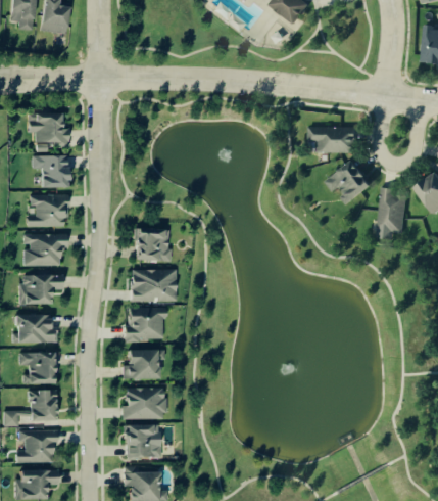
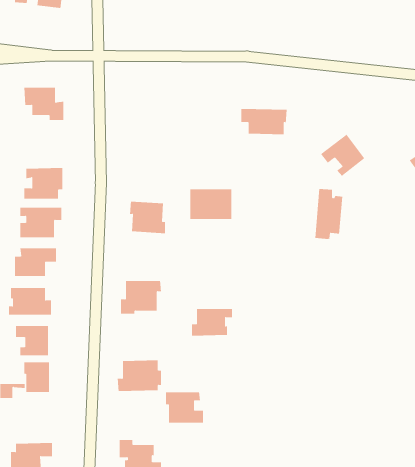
building: [310,126,357,152] -> [241,108,287,135]
building: [34,155,70,187] -> none
building: [379,187,407,239] -> [315,188,343,240]
building: [134,270,177,301] -> [189,189,232,219]
building: [124,351,165,378] -> [191,309,233,336]
building: [124,425,162,457] -> [165,392,204,423]
building: [17,430,57,462] -> none

